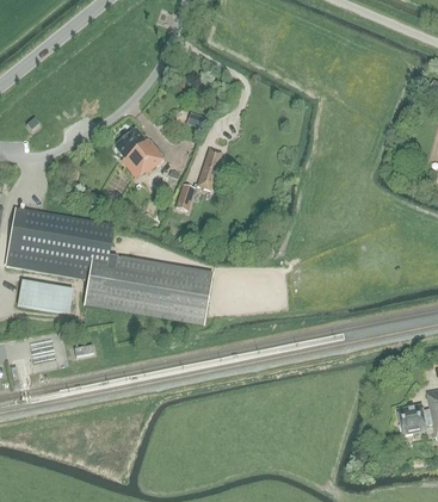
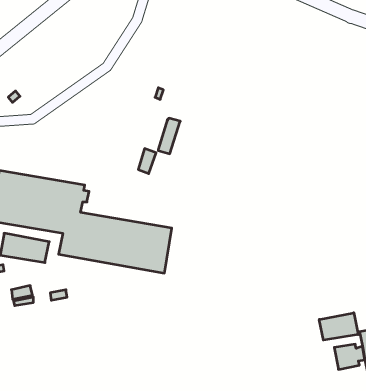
building: [113,128,164,178] -> none
building: none -> [319,313,358,340]

